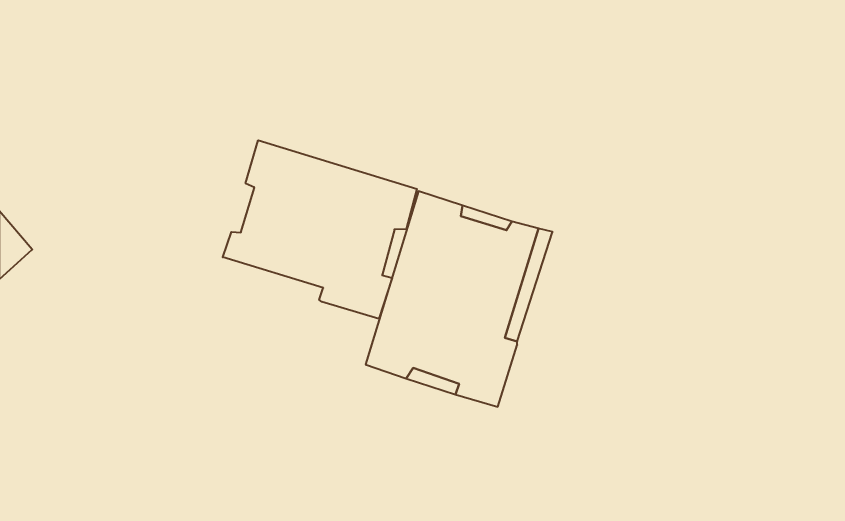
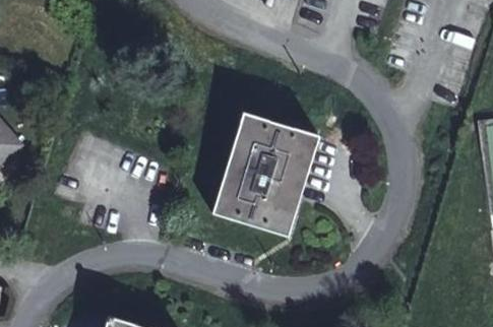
building: [223,140,417,319] -> none

